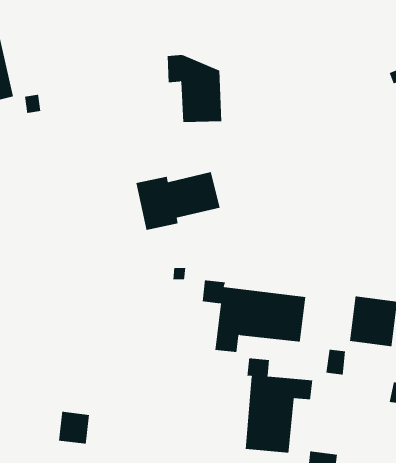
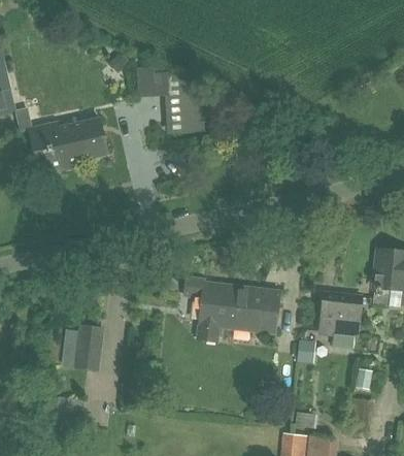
building: [136,172,221,230] -> [29,119,106,172]
building: none -> [73,323,104,369]
building: [245,357,313,453] -> none

